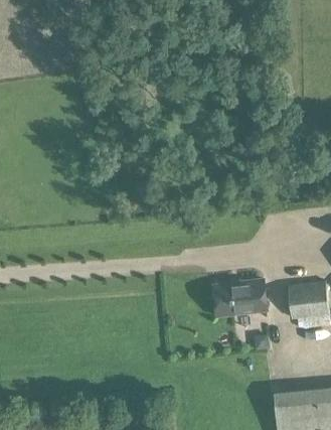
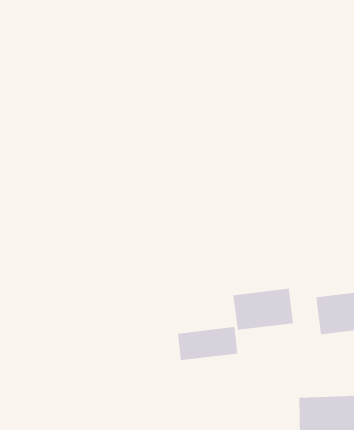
building: none -> [178,326,238,361]

